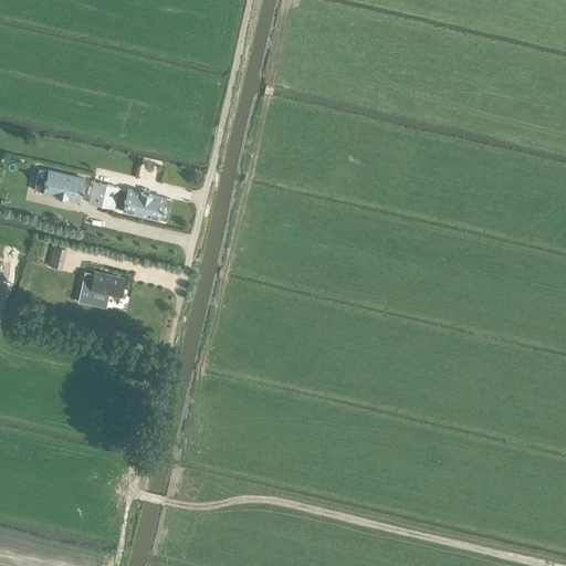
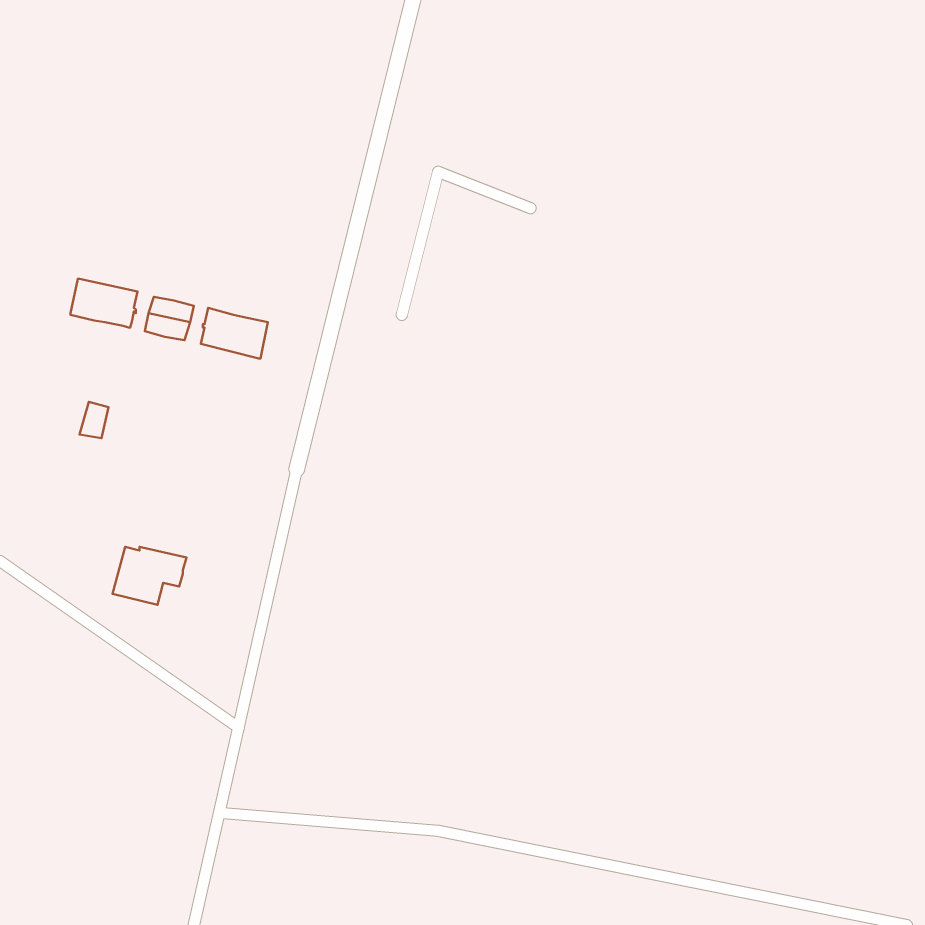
building: [77,271,123,306] -> [112,547,187,605]

